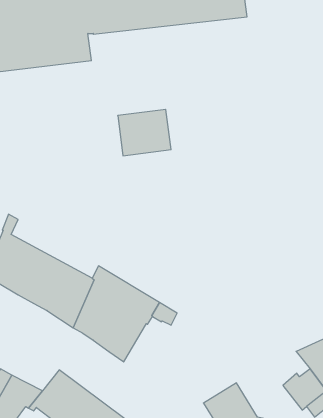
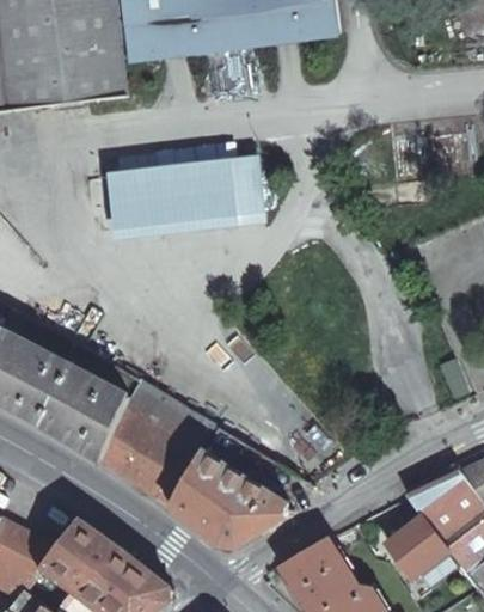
building: none -> [227,160,263,218]
building: none -> [111,171,169,232]
building: none -> [170,455,292,547]

